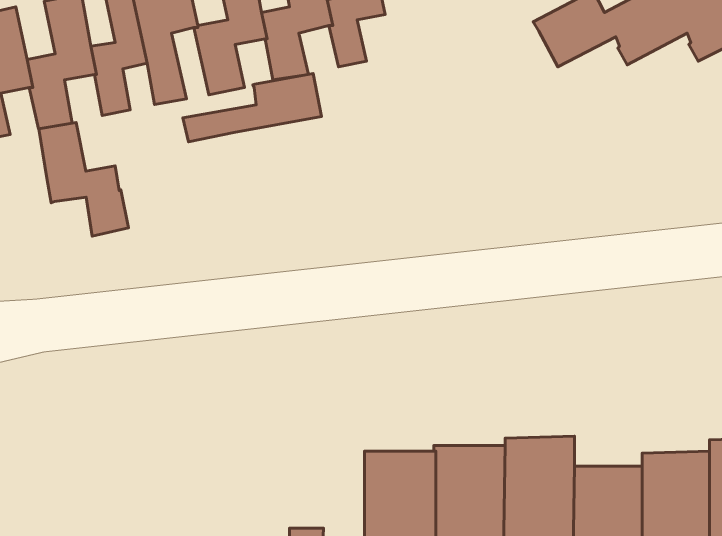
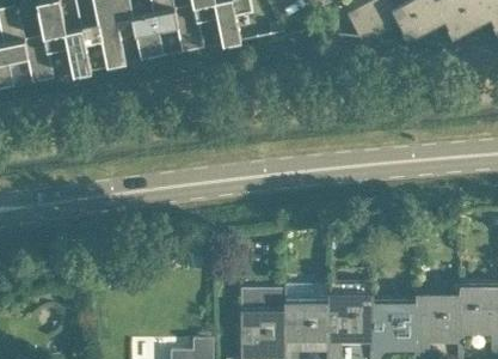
building: [183,73,322,142] -> none
building: [39,122,129,236] -> none

